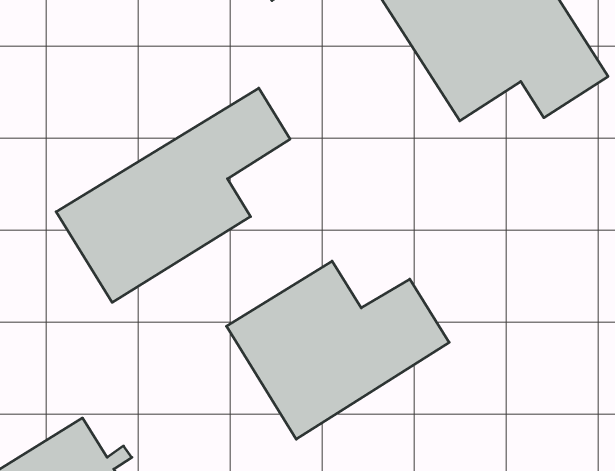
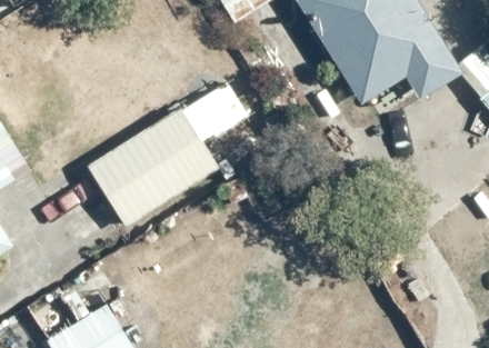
building: [226,261,449,439] -> none

